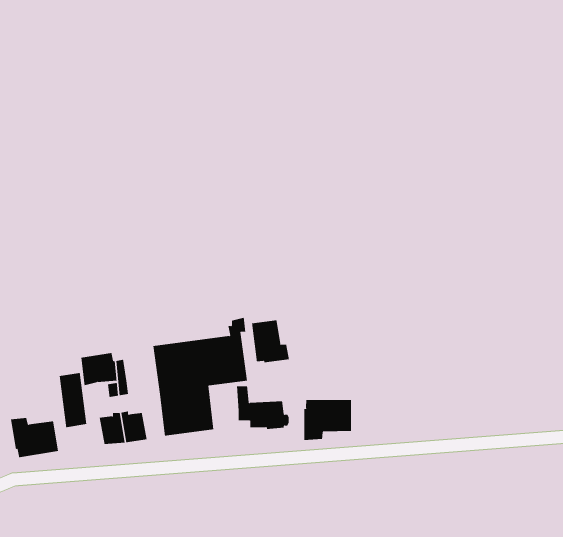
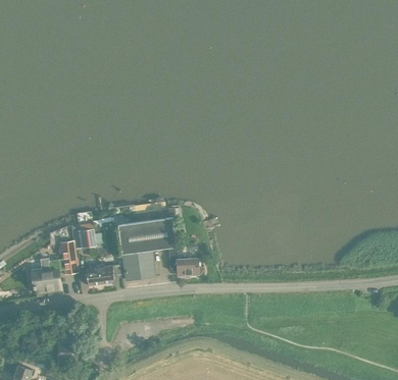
building: [252,320,289,363] -> none
building: [304,399,352,441] -> none

